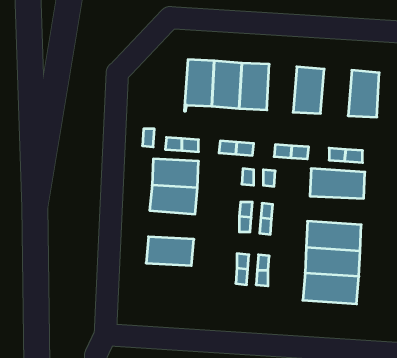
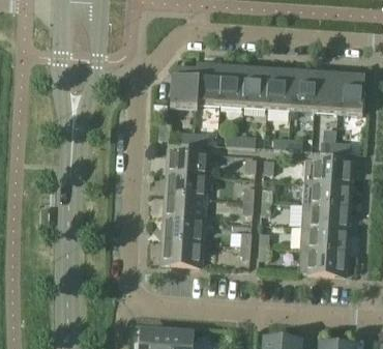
building: none -> [171,64,199,109]
building: none -> [267,68,293,110]
building: none -> [314,72,341,113]
building: none -> [302,182,351,207]
building: none -> [165,195,205,220]
building: none -> [161,240,202,265]

